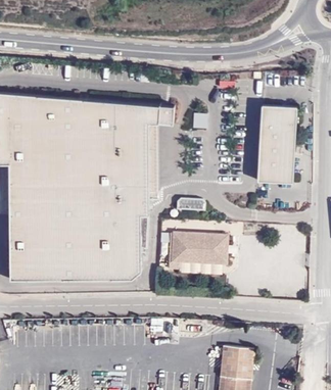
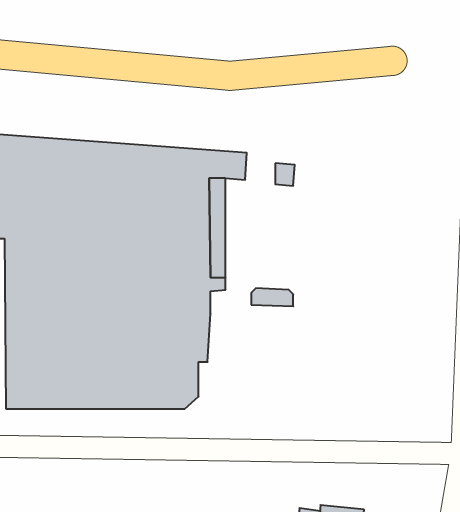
building: [256,106,296,184] -> none
building: [167,232,228,270] -> none

